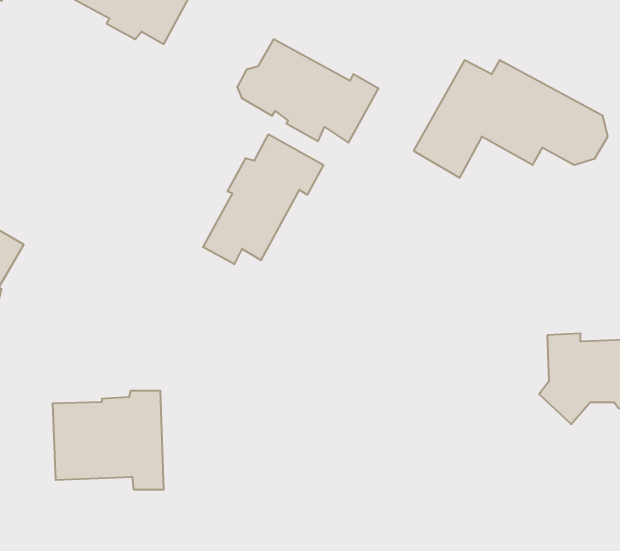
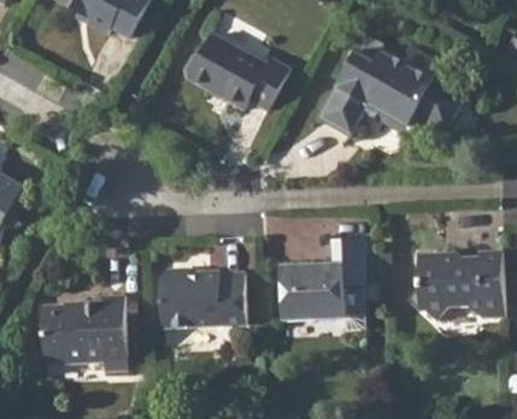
building: [203,134,323,264] -> none
building: none -> [281,240,366,330]
building: none -> [163,268,246,327]

